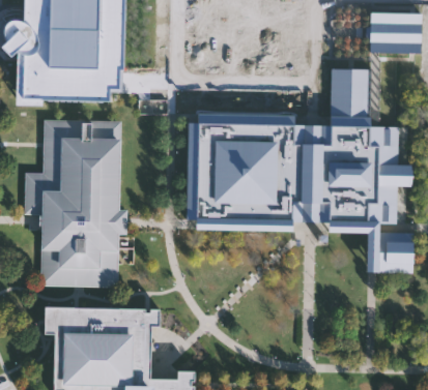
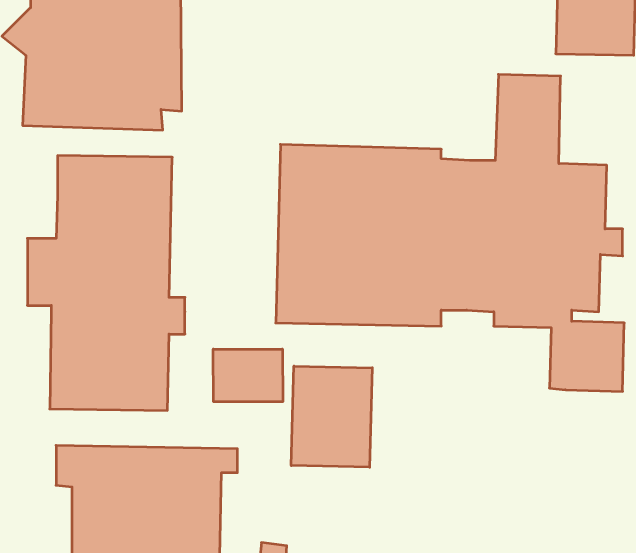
building: none -> [213,349,283,402]
building: none -> [291,366,372,467]

